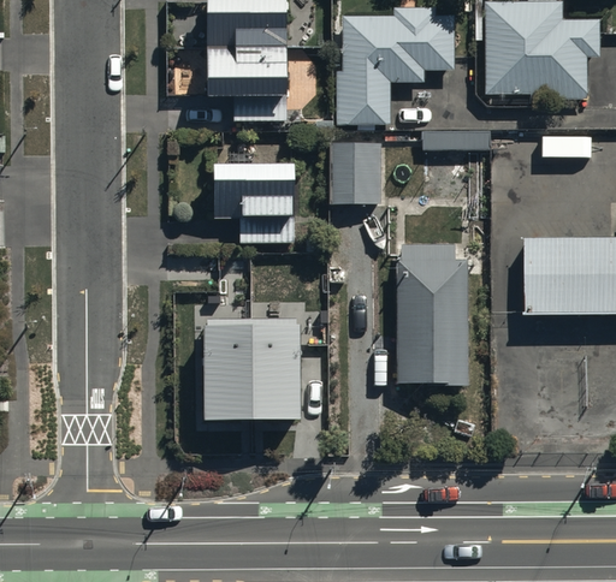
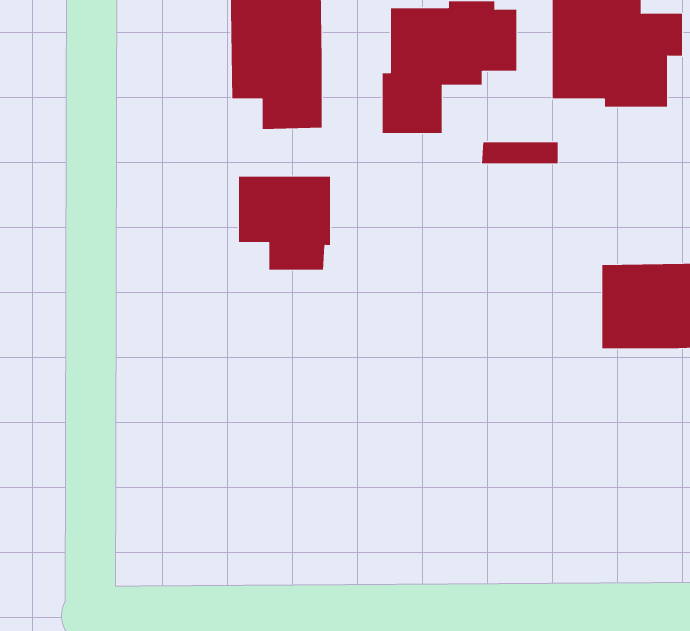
building: [328,142,381,204] -> none
building: [396,243,468,382] -> none
building: [207,322,304,421] -> none

